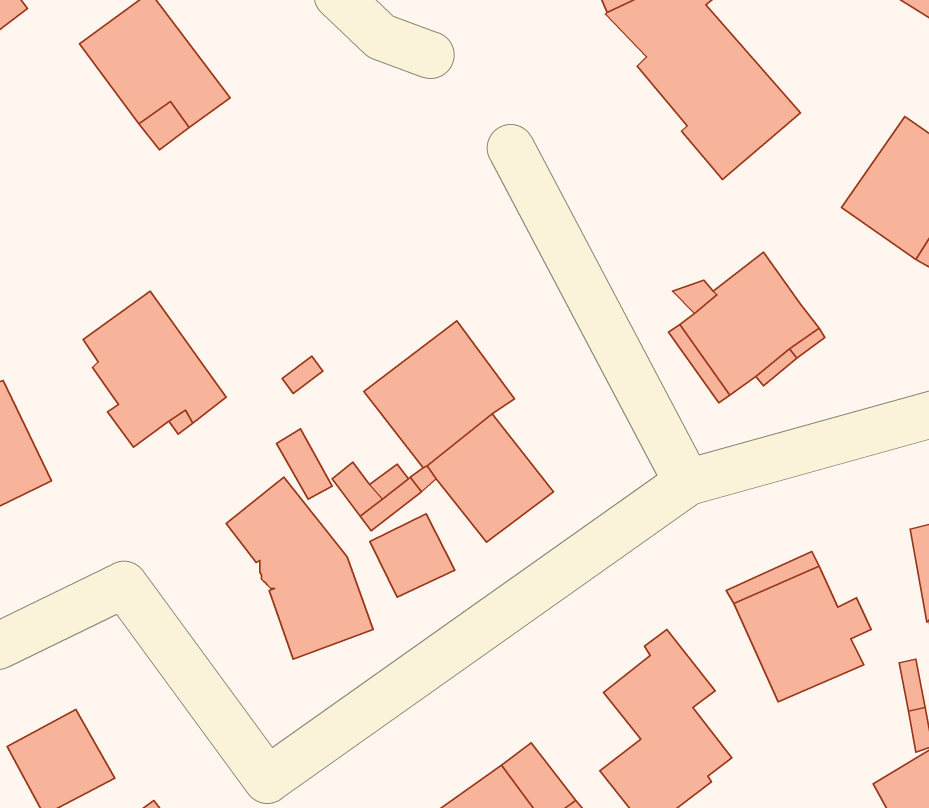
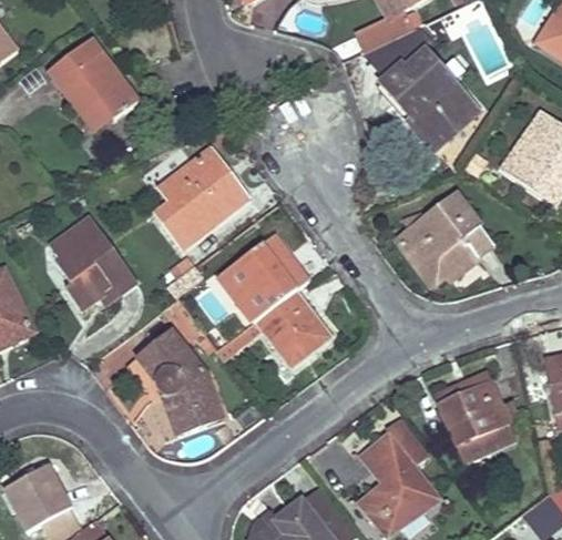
building: none -> [156,150,245,248]
building: [370,514,455,597] -> none

